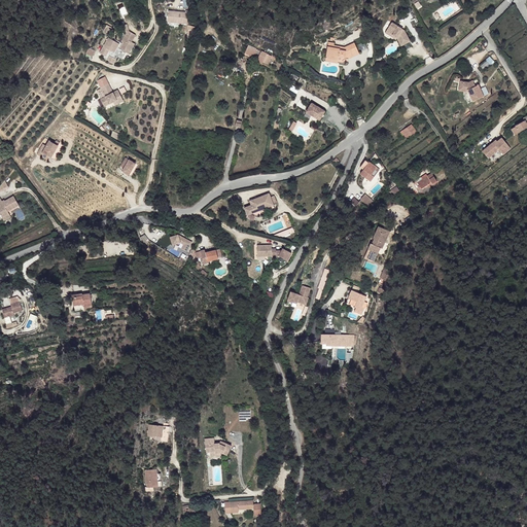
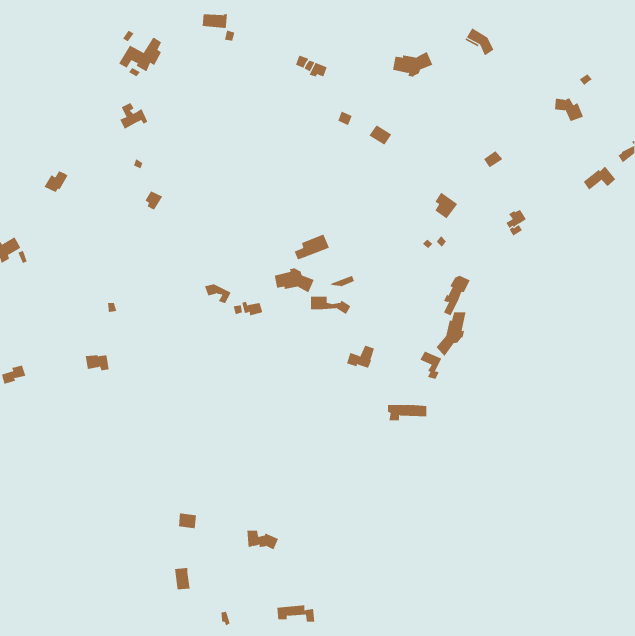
building: none -> [274,267,314,293]
building: none -> [436,311,466,357]

